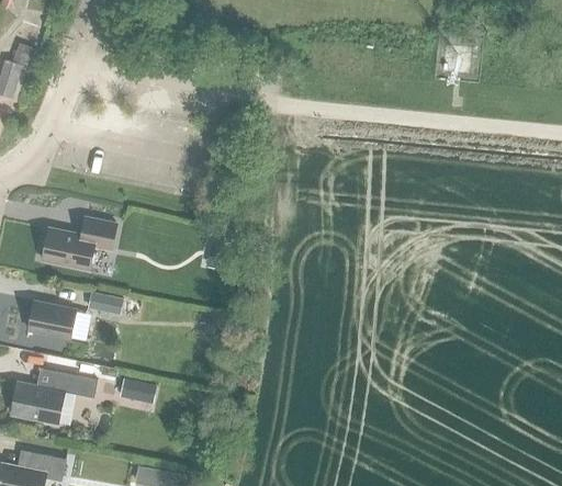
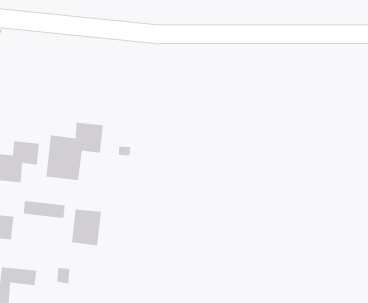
building: none -> [46,122,103,181]
building: none -> [71,209,102,246]

